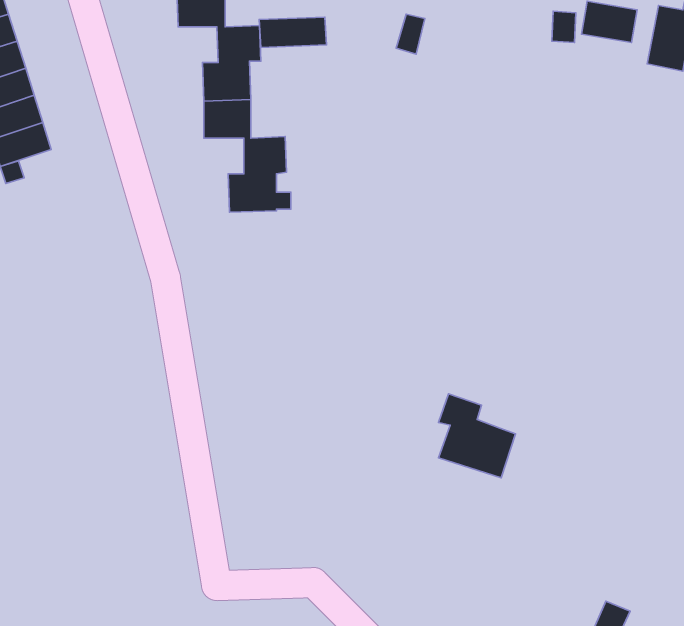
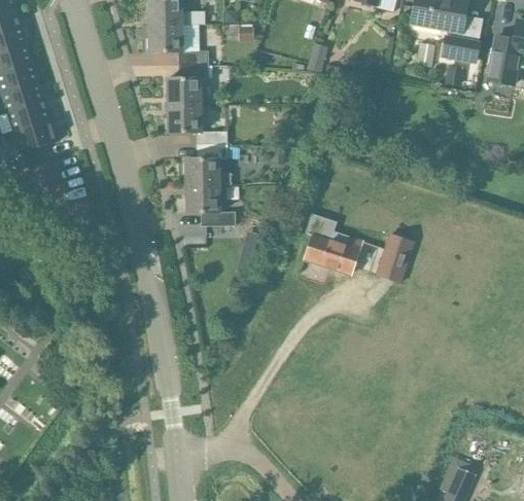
building: [259,17,327,47] -> none
building: none -> [185,185,234,226]
building: none -> [375,234,414,284]
building: [439,394,516,478] -> [305,213,360,274]

